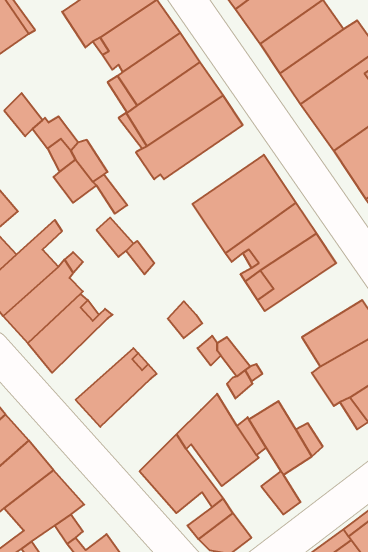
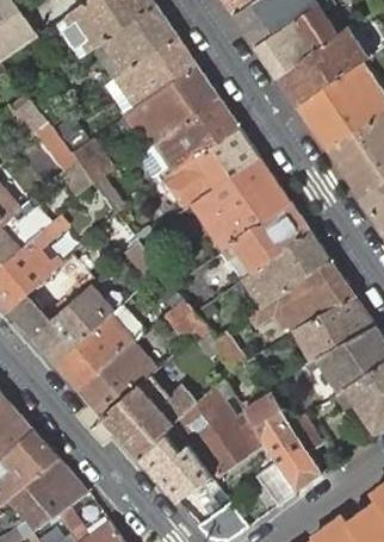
building: none -> [172,127,260,208]
building: none -> [248,261,355,335]
building: none -> [55,314,134,393]
building: none -> [101,373,199,462]

